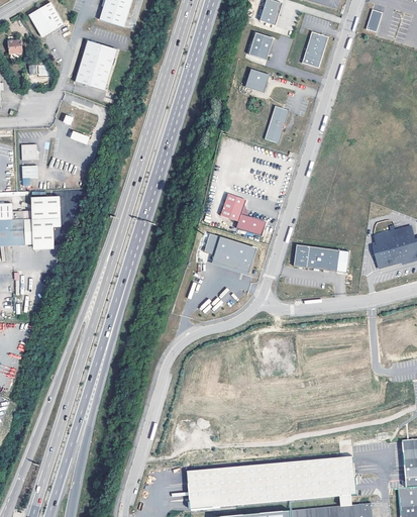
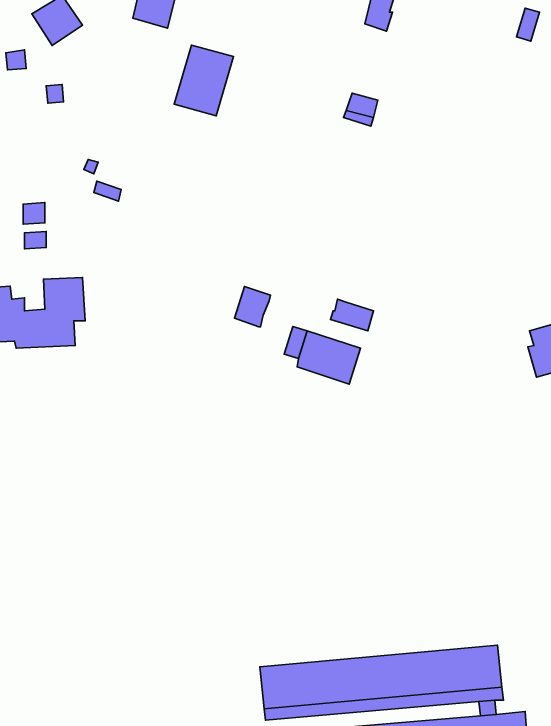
building: [301,31,328,68] -> none
building: [248,32,273,60] -> none
building: [76,40,117,90] -> [174,45,233,116]
building: [264,105,289,143] -> none
building: [220,193,245,221] -> [234,286,270,327]
building: [294,244,339,272] -> none

